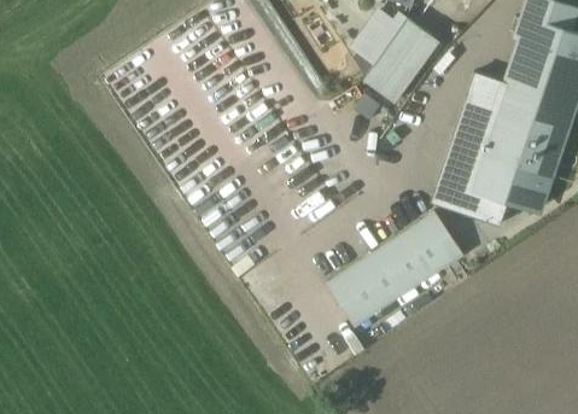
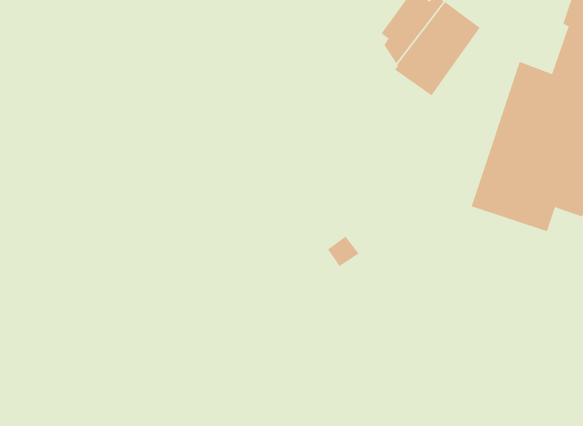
building: [326,211,462,326] -> none

